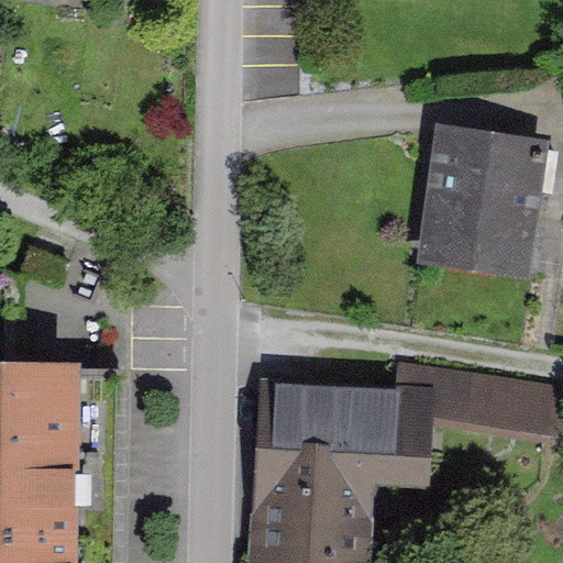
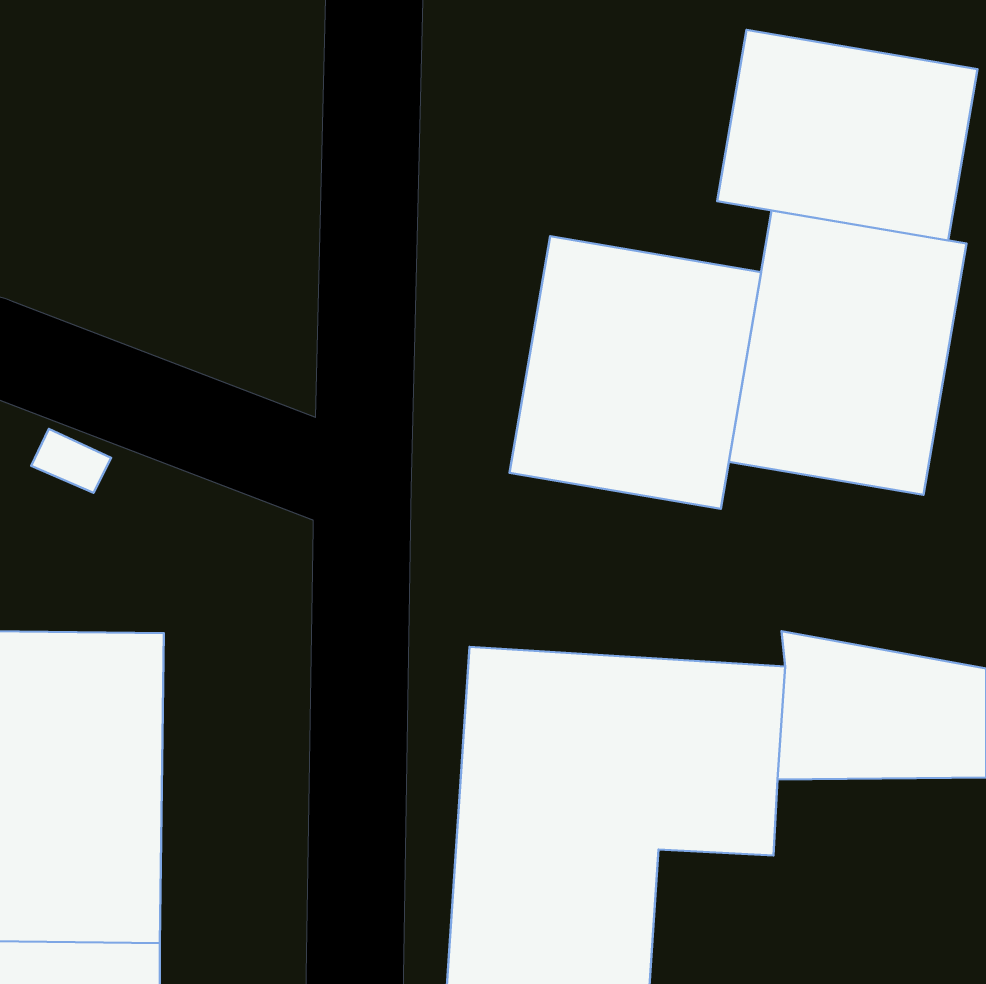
building: none -> [717,30,978,240]
building: none -> [510,236,761,509]

